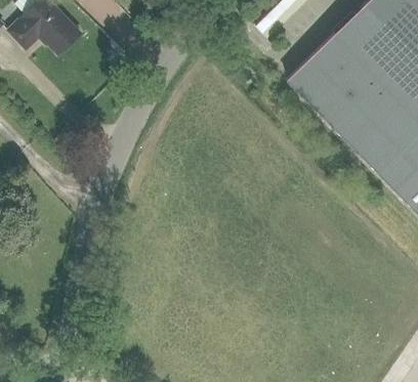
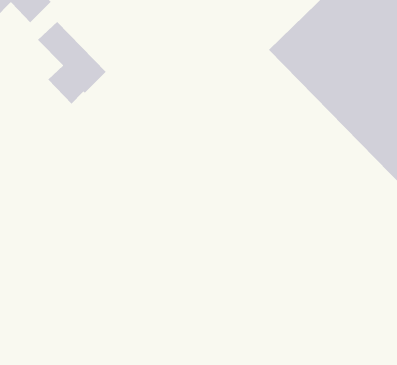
building: none -> [37,21,107,105]

